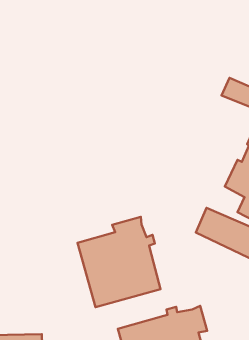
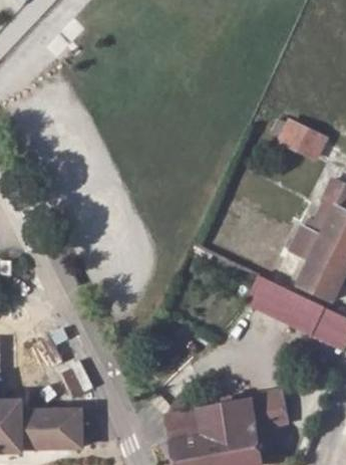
building: [78,217,161,307] -> none

